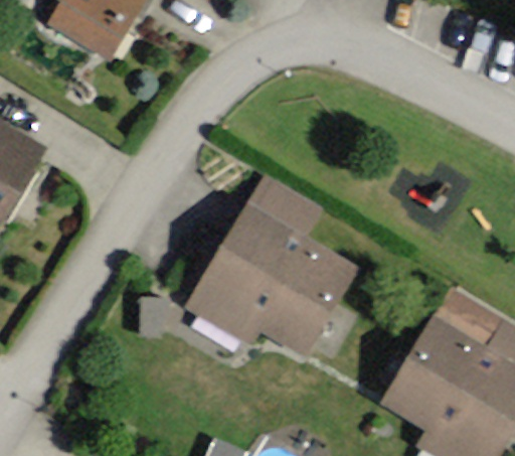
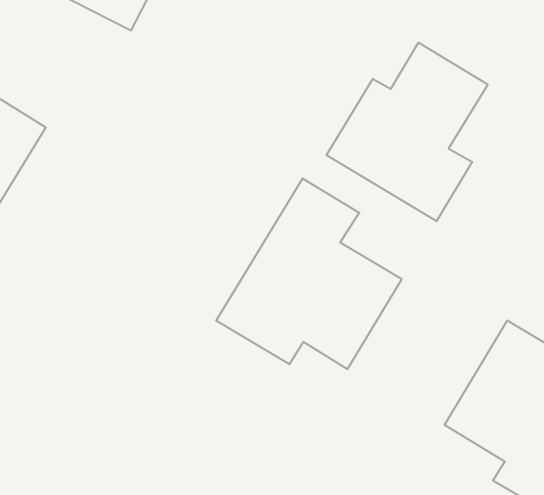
building: none -> [326,43,488,221]

